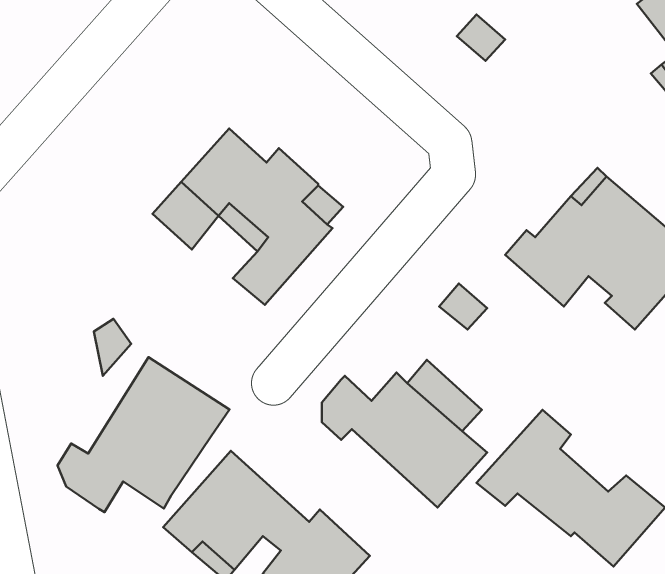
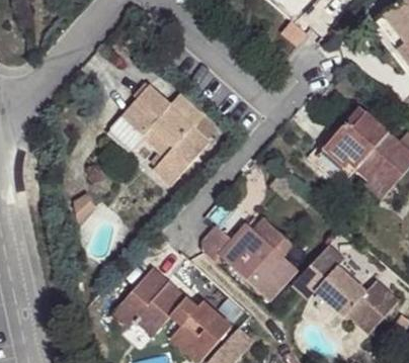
building: [57,357,229,512] -> none

